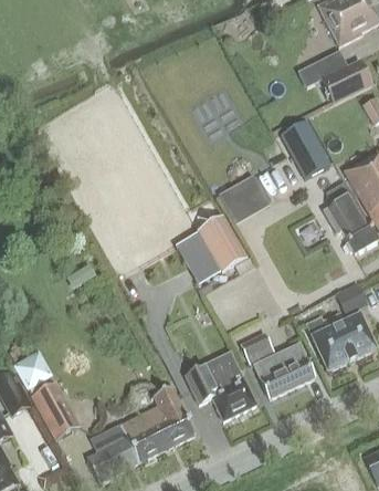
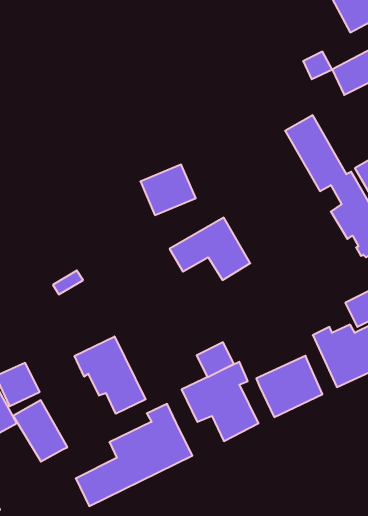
building: [219,173,270,219] -> [140,165,196,215]
building: none -> [75,336,146,414]
building: [240,331,274,363] -> [197,342,234,377]

